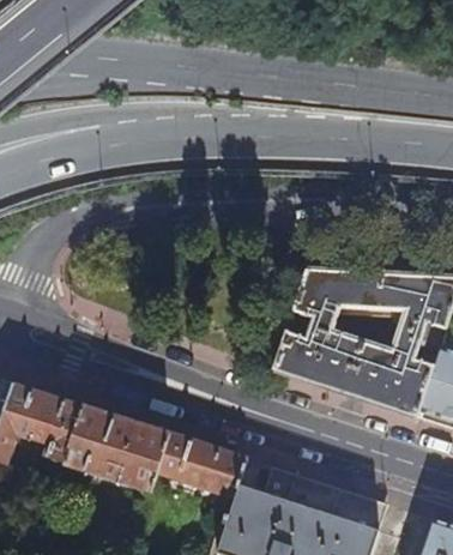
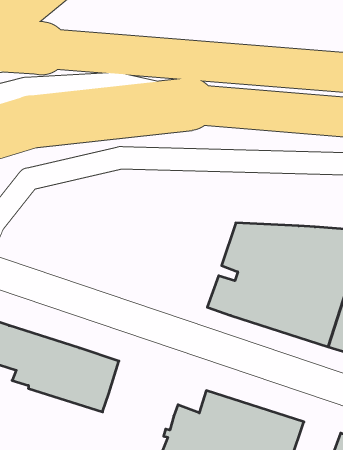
building: [158,433,248,497] -> none

